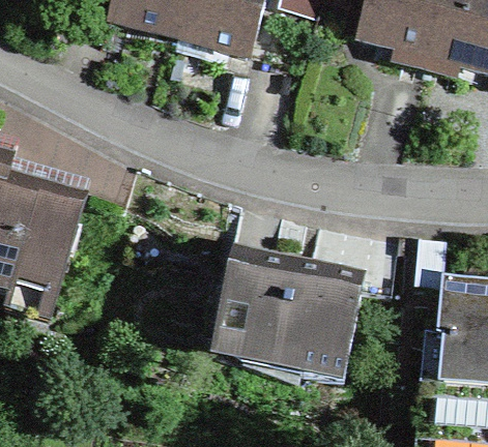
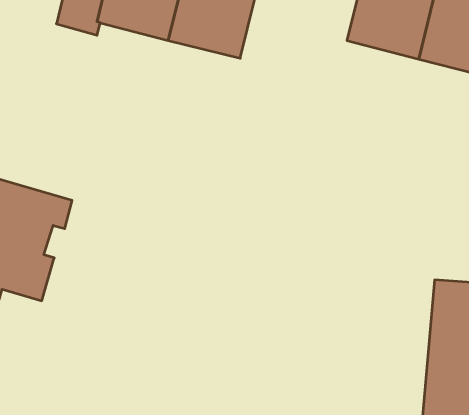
building: [216,252,364,384] -> none

